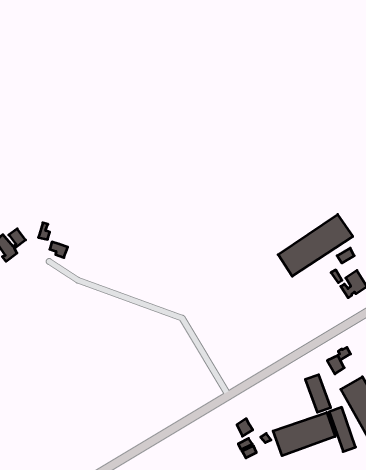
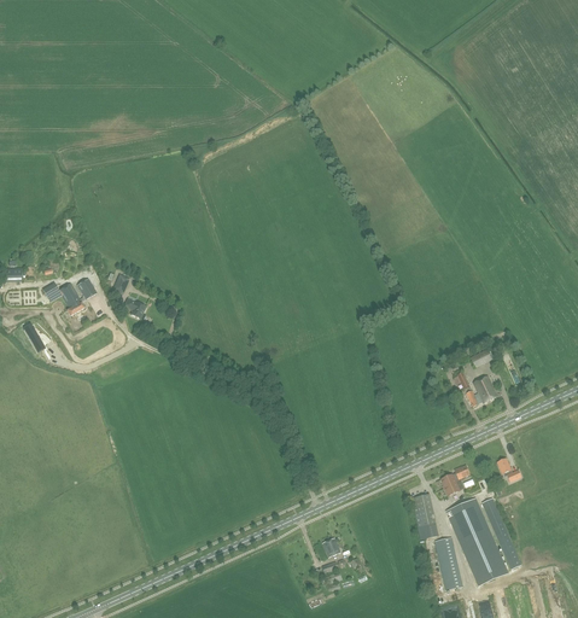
building: [278,214,353,276] -> none
building: [273,412,335,456] -> none

